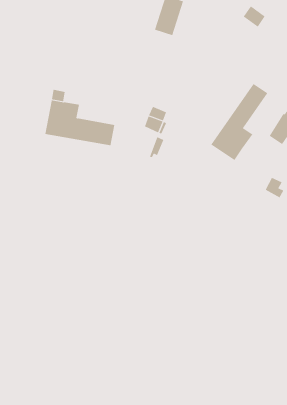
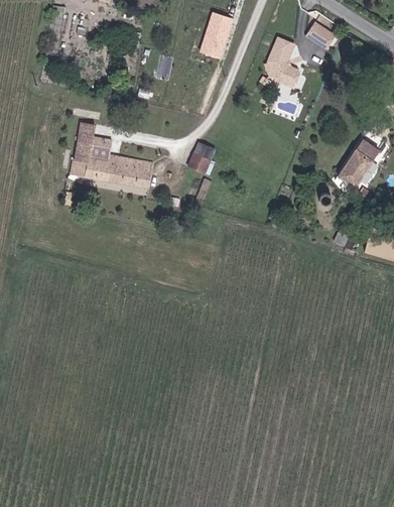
building: none -> [264,38,297,88]
building: [211,83,268,161] -> none

